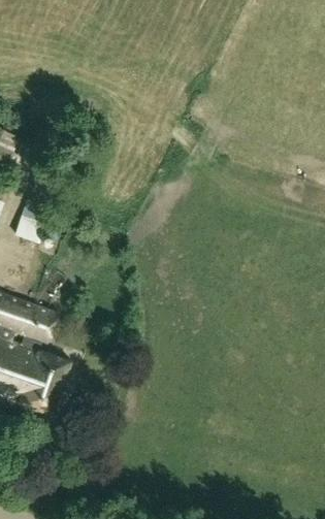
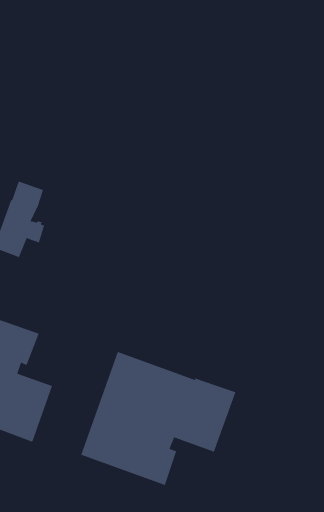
building: none -> [81,351,236,486]

